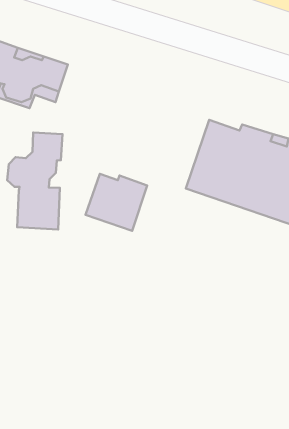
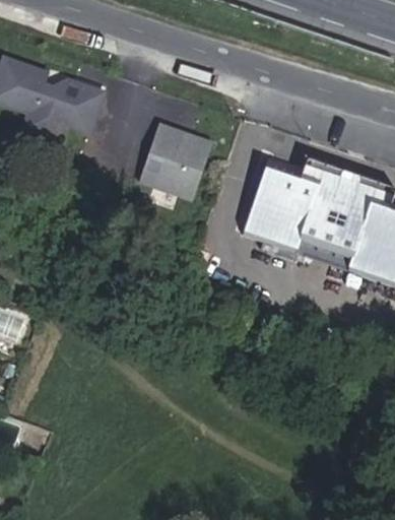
building: [7,133,62,229] -> none
building: [86,174,147,231] -> [143,128,213,193]

